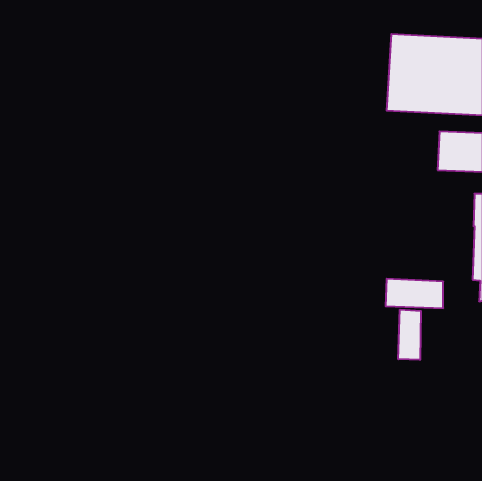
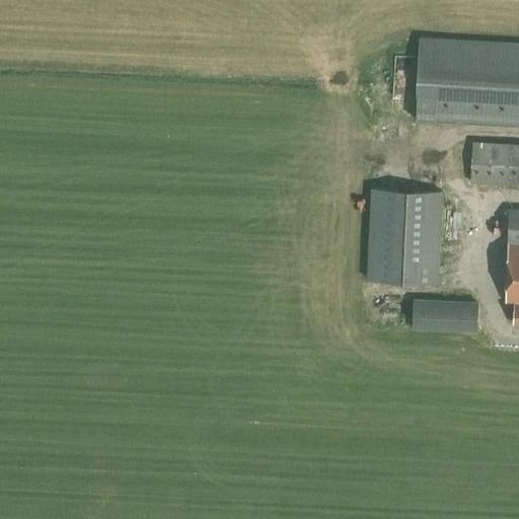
building: none -> [368,191,442,284]
building: [398,310,421,360] -> none

